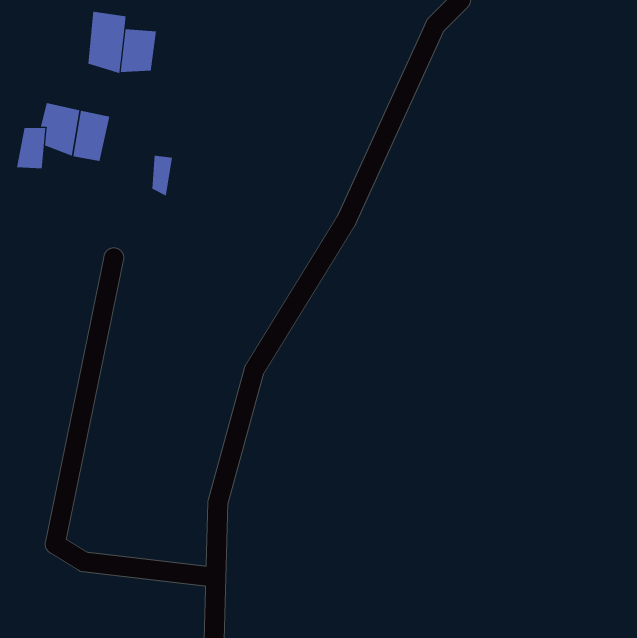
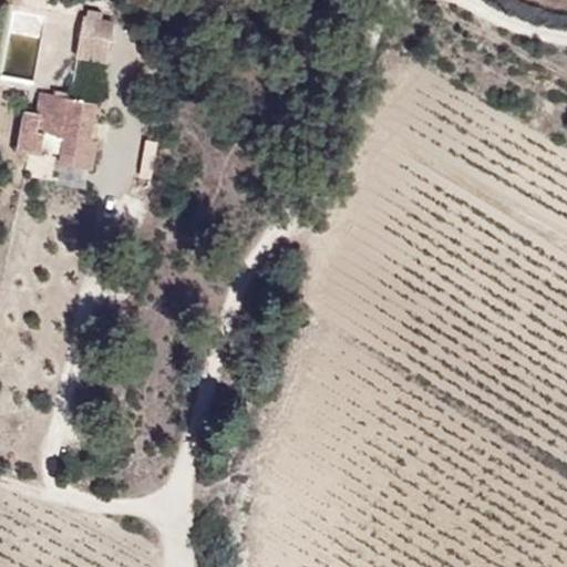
building: [120,28,156,73] -> none
building: none -> [56,140,101,175]

